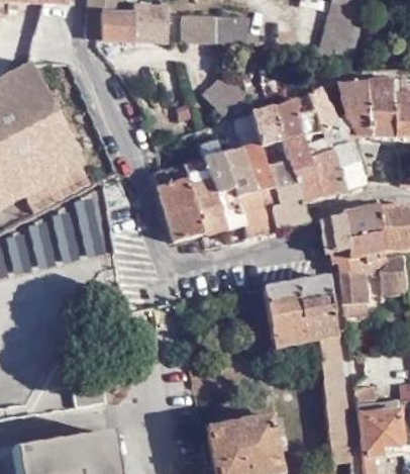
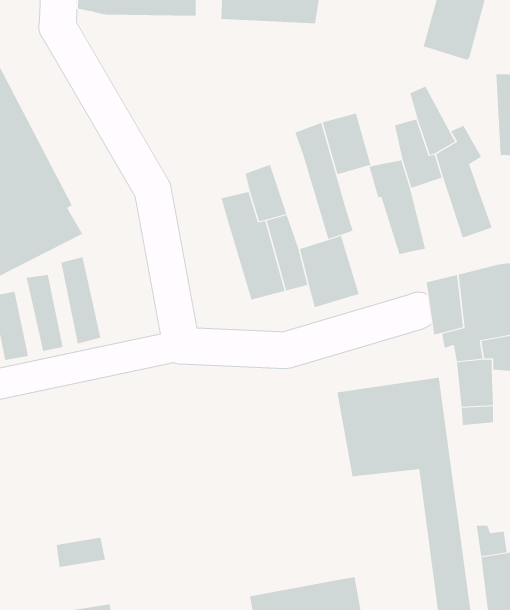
building: [204,71,247,114] -> none
building: [340,78,371,133] -> none
building: [275,96,305,139] -> none
building: [217,131,255,195] -> none
building: [311,148,345,195] -> none
building: [265,161,308,225] -> none
building: [158,175,204,238] -> none

